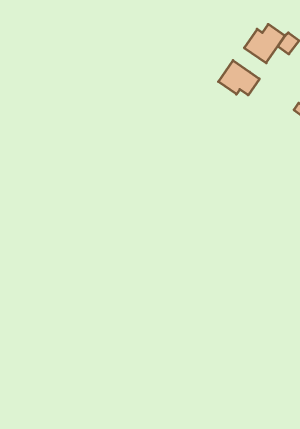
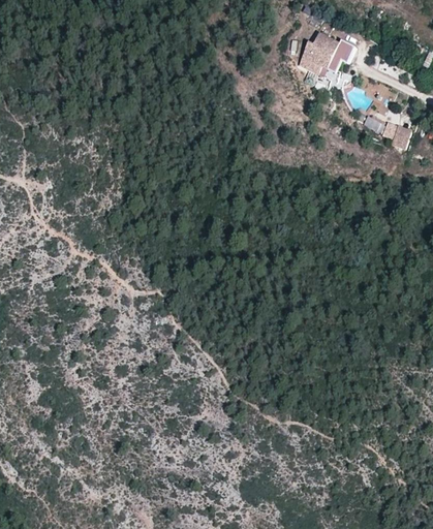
building: [218,60,259,95] -> none

